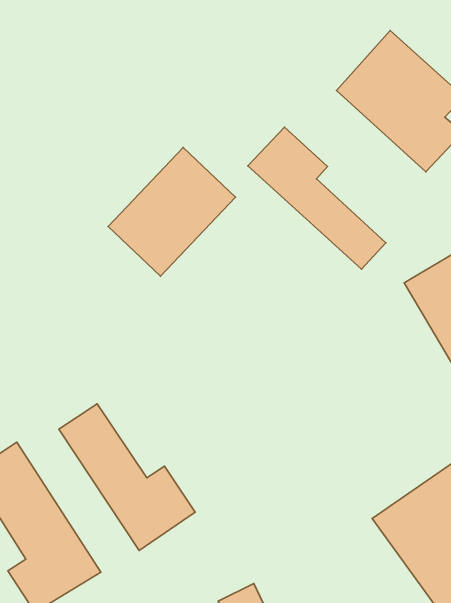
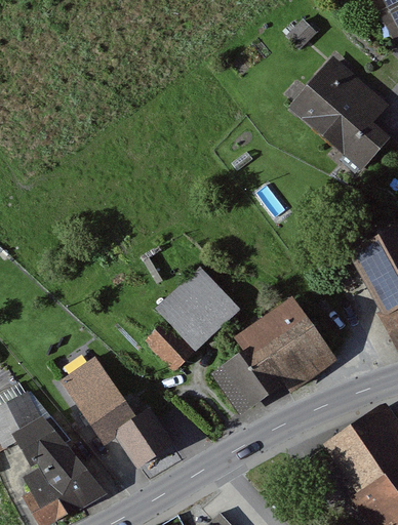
building: [248,127,386,269] -> none
building: [108,147,236,276] -> [140,267,242,370]
building: none -> [208,298,335,416]

